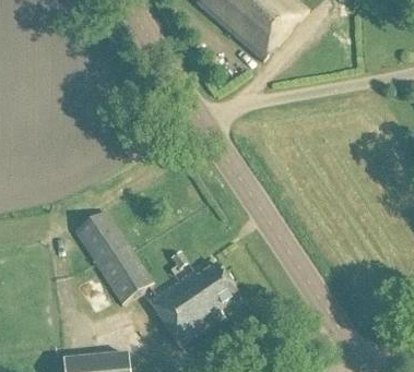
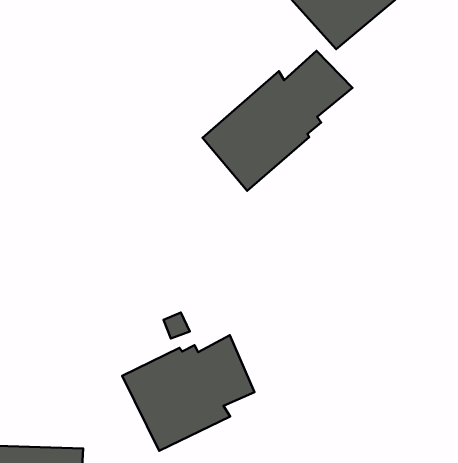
building: none -> [202,51,353,191]
building: [73,208,153,302] -> none

